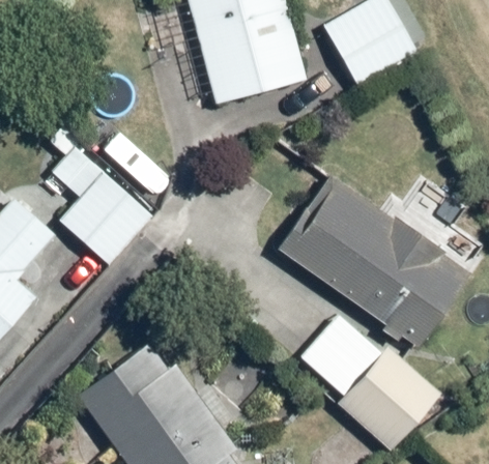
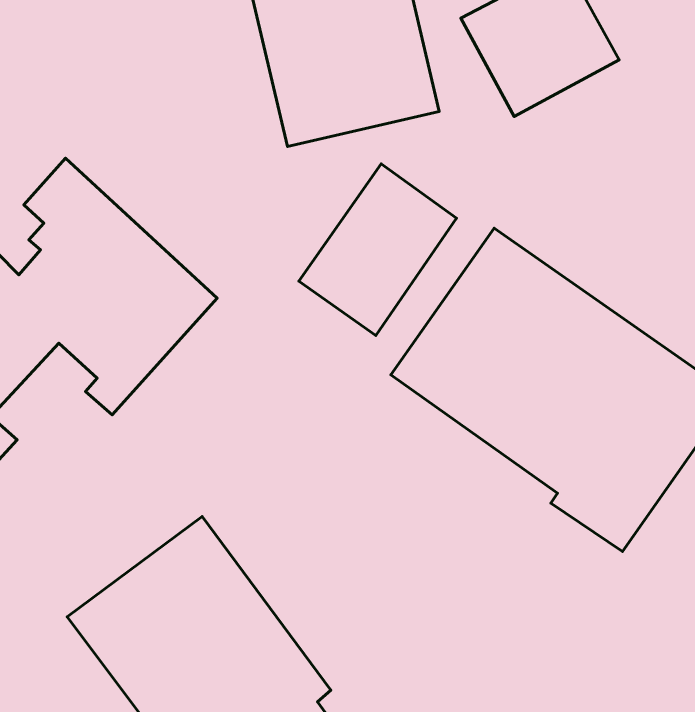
building: none -> [299,164,457,335]
building: [294,310,441,447] -> none

